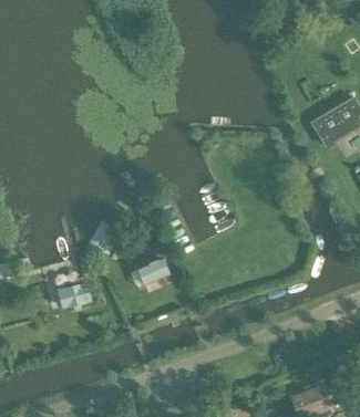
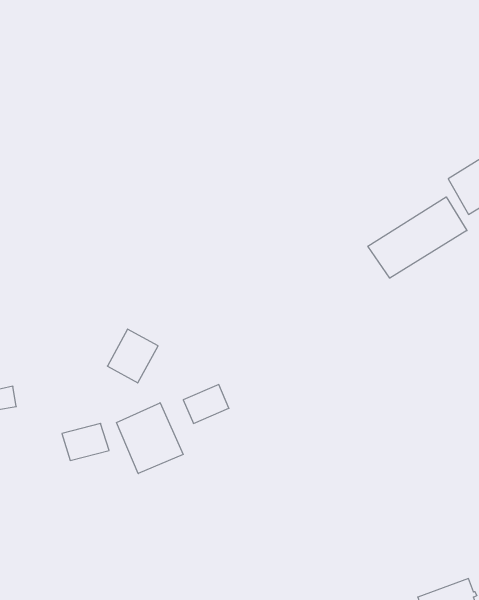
building: none -> [368,197,467,278]
building: none -> [117,403,183,474]

